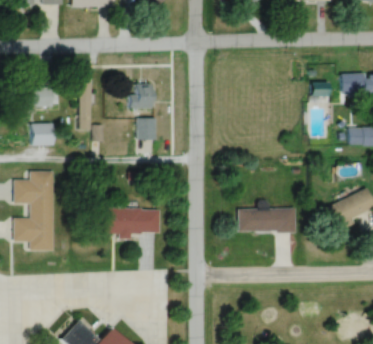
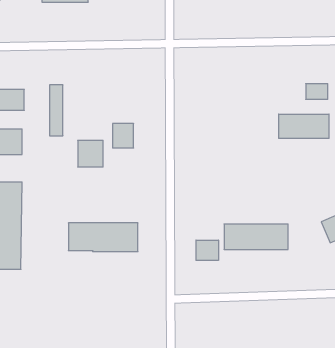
building: [129,84,152,108] -> [78,140,103,167]
building: none -> [279,114,329,138]
building: none -> [196,240,218,260]

